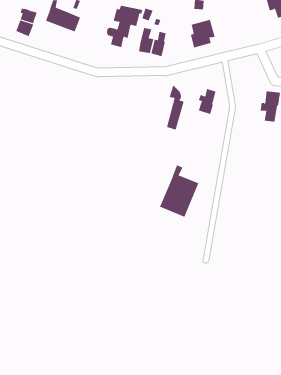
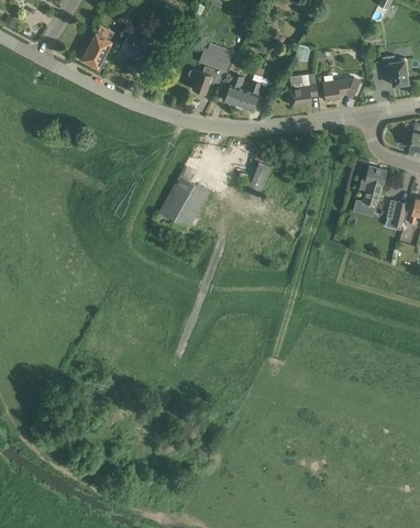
building: none -> [322,75,360,100]
building: [198,88,216,115] -> none
building: [159,165,199,218] -> [157,166,208,230]

